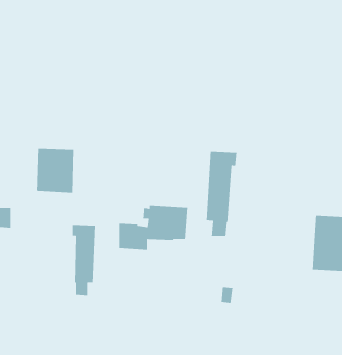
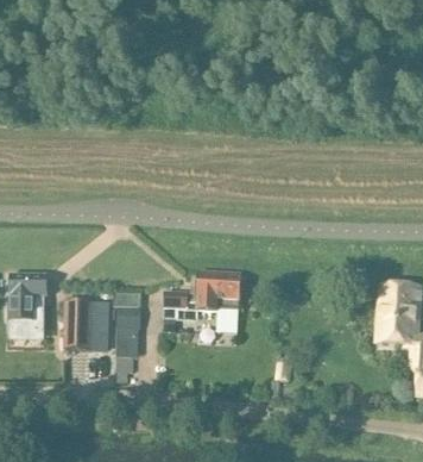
building: [36,148,74,194] -> [64,299,106,349]
building: [206,151,238,237] -> none

